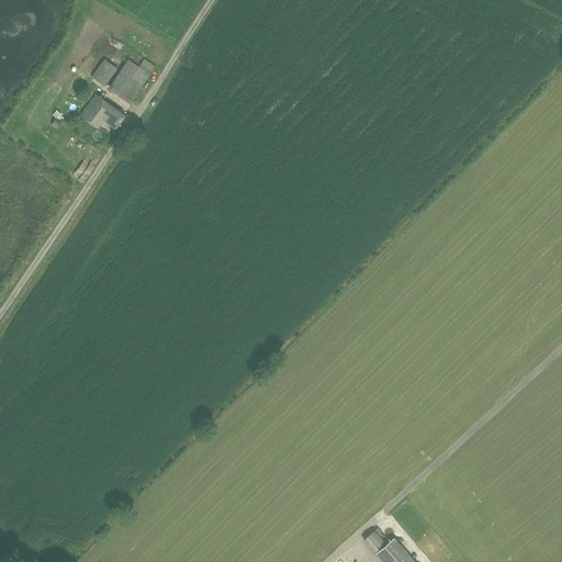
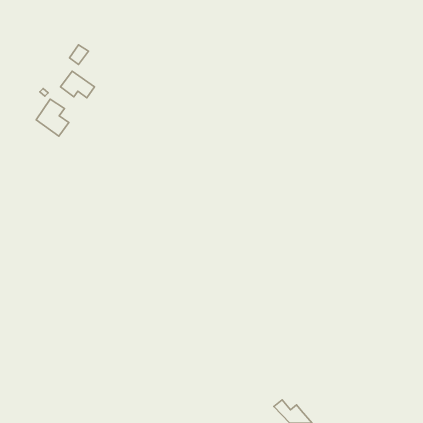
building: [109,59,155,103] -> none
building: none -> [36,99,69,136]

